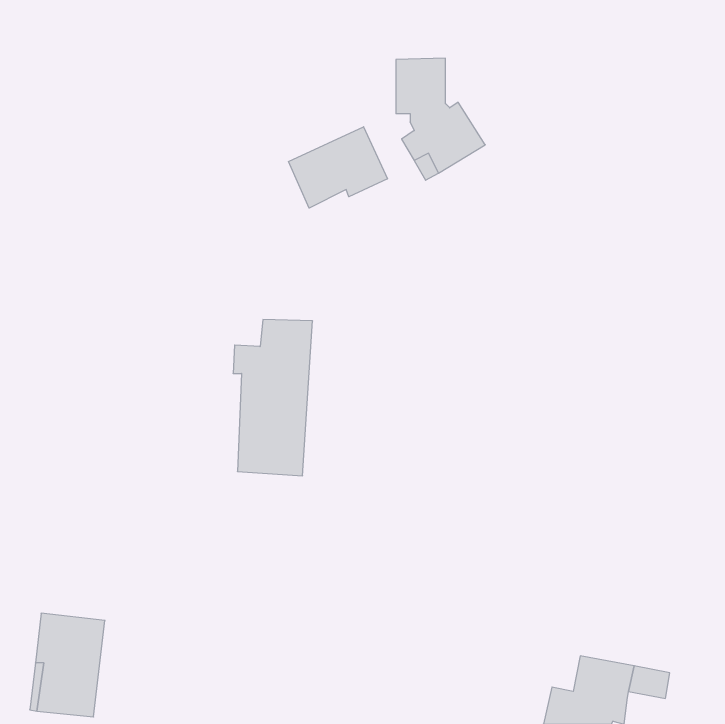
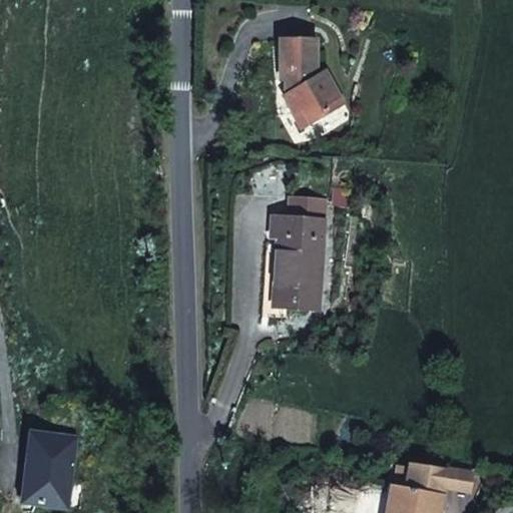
building: [288,127,387,208] -> none
building: [233,320,313,476] -> [271,198,327,309]

